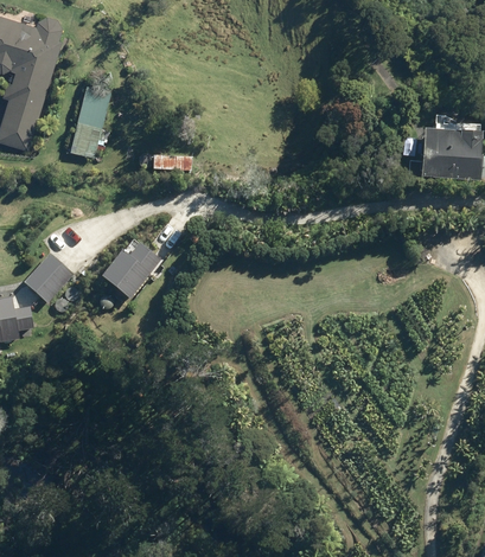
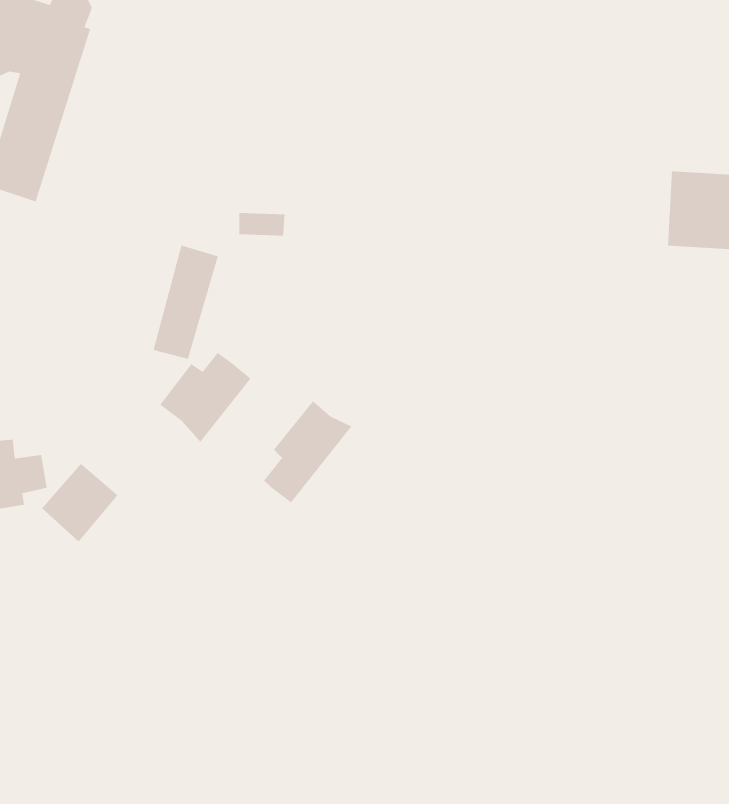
building: [69,84,110,156] -> [153,244,219,360]
building: [24,254,72,303] -> [41,463,119,542]
building: none -> [263,400,353,504]

